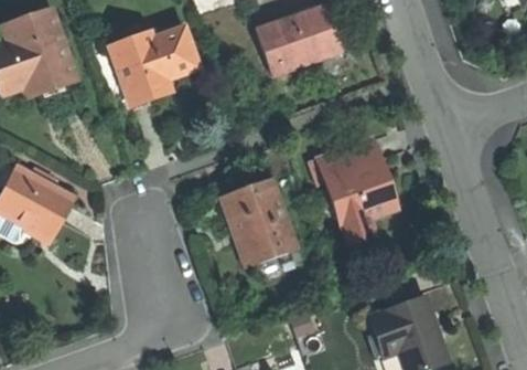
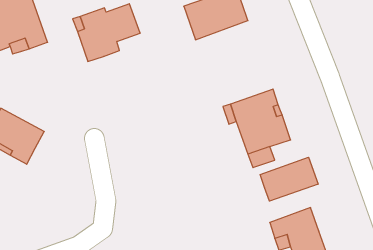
building: [222,179,299,264] -> none
building: none -> [260,157,318,201]

